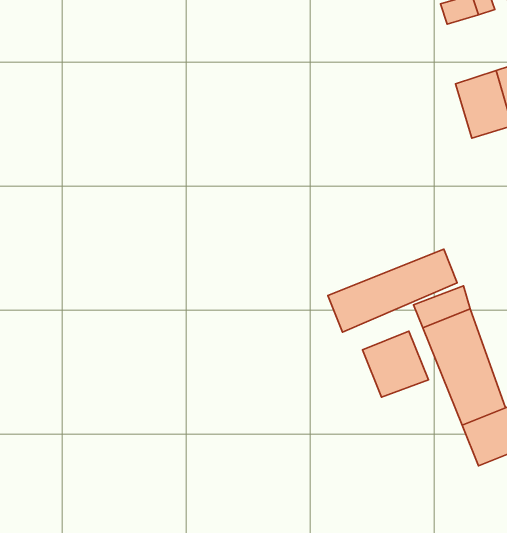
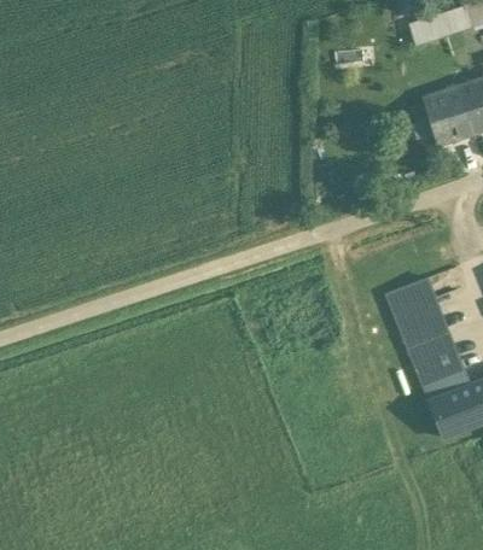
building: [328,249,457,332] -> none
building: [363,331,429,397] -> none

